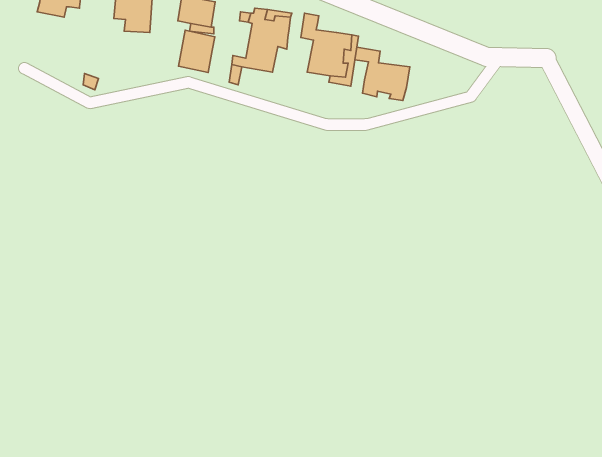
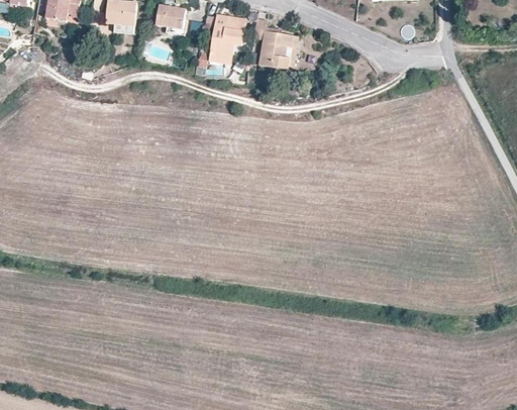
building: [179,30,215,73] -> none
building: [355,47,410,101] -> none

